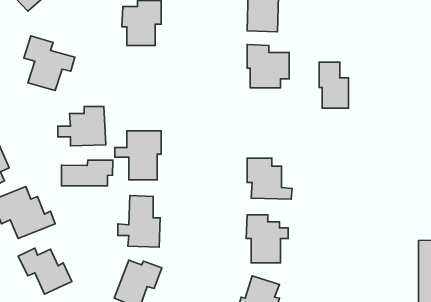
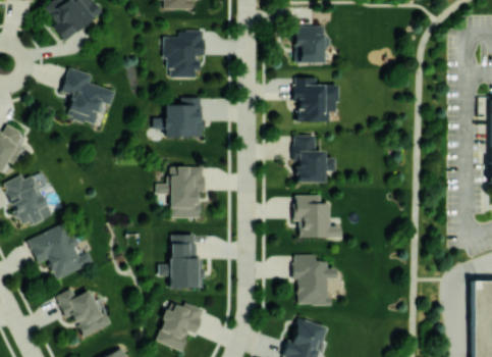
building: [319,62,349,108] -> [294,135,325,183]
building: [58,107,106,146] -> [154,97,204,138]
building: [61,160,113,186] -> none

